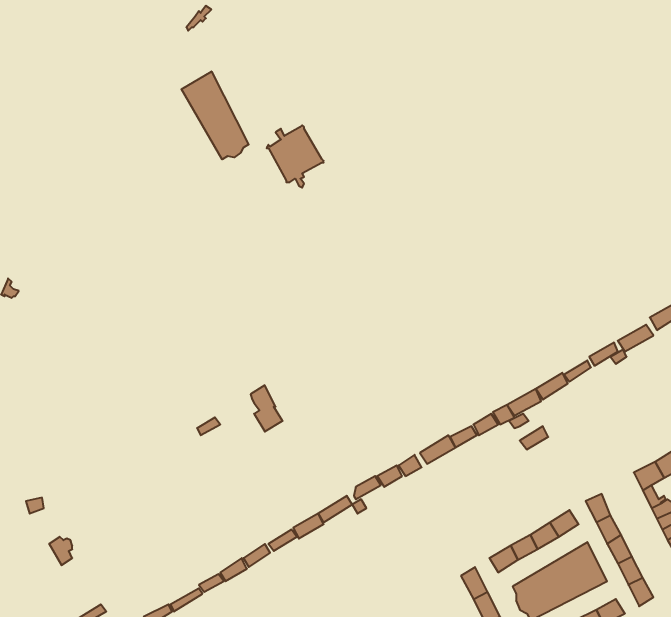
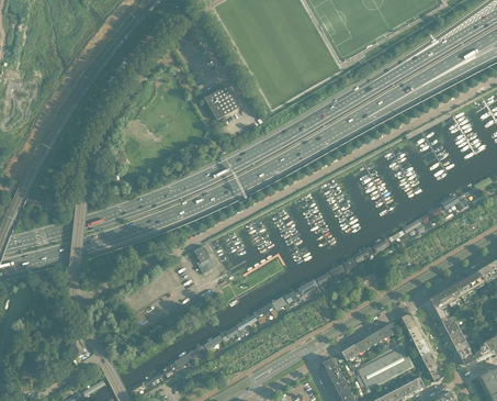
building: [181,71,249,159] -> none

